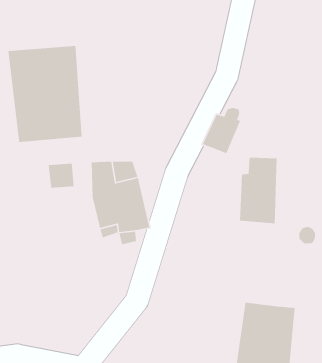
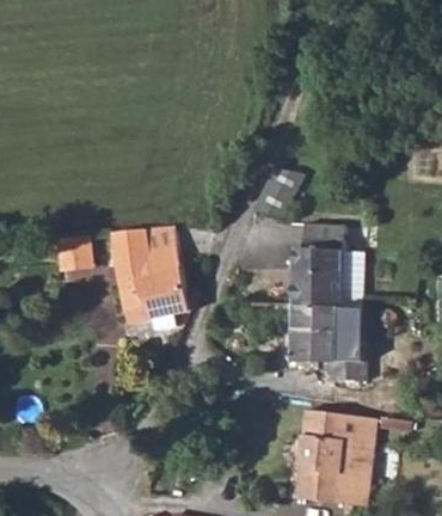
building: [7,45,82,143] -> none
building: none -> [299,308,345,366]

